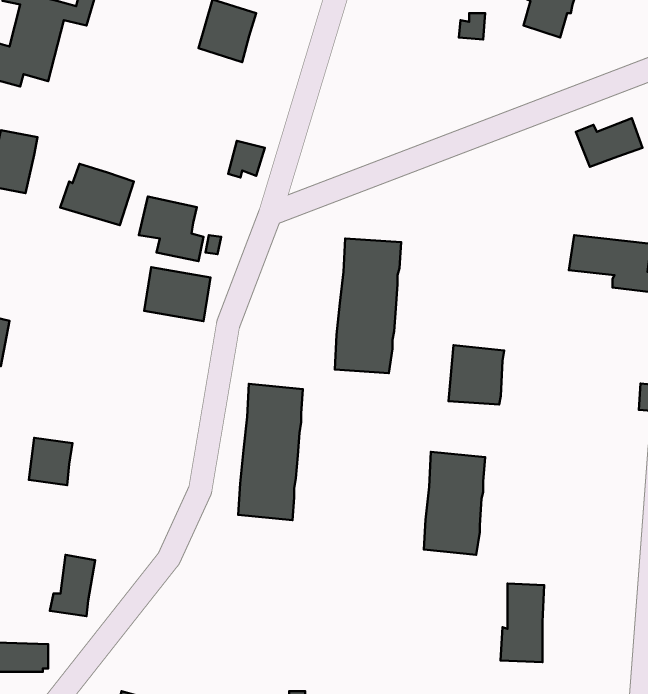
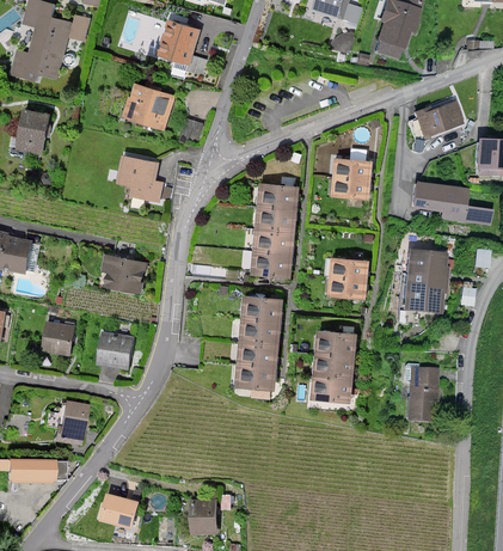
building: [60,164,134,225] -> [122,85,172,127]
building: none -> [332,159,368,198]
building: [144,267,211,321] -> [100,255,146,292]
building: none -> [405,250,447,311]
building: [238,384,303,520] -> [235,295,280,388]
building: none -> [97,331,130,366]
building: [501,584,544,662] -> [405,367,435,421]

